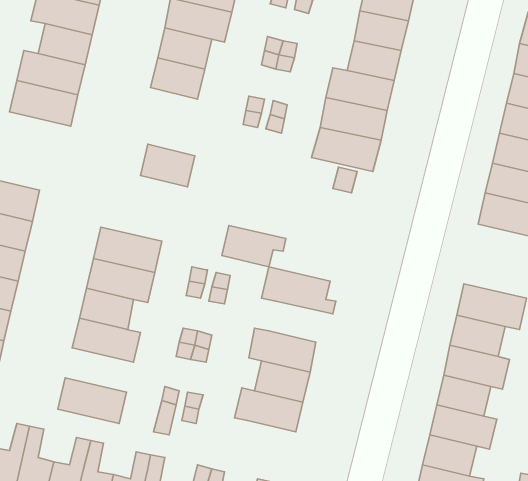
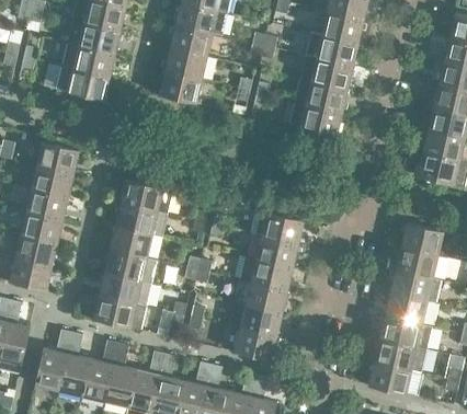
building: [141,144,195,187] -> [159,70,201,103]
building: [222,226,286,267] -> [255,234,305,266]
building: none -> [99,271,151,304]
building: none -> [234,326,276,359]

